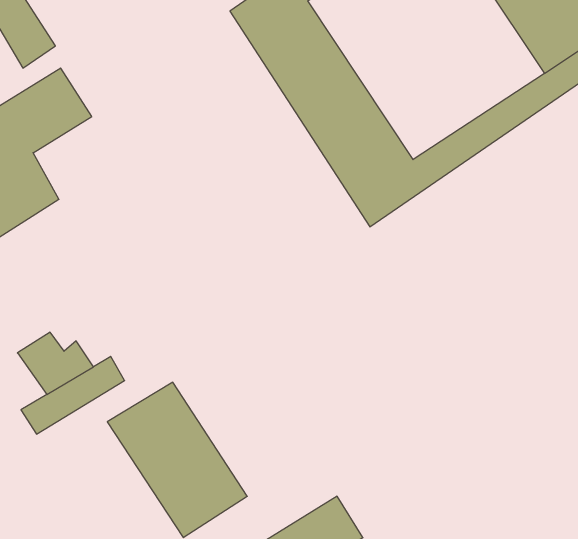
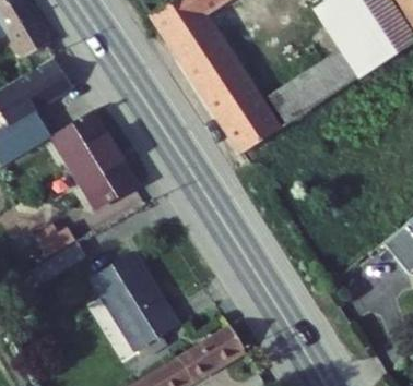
building: none -> [48,116,130,205]

